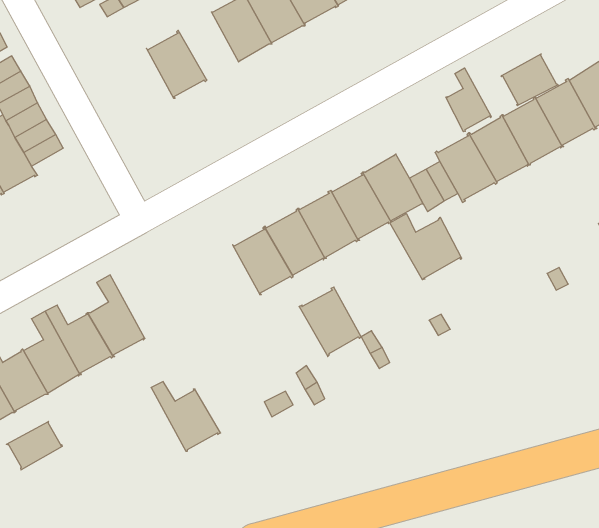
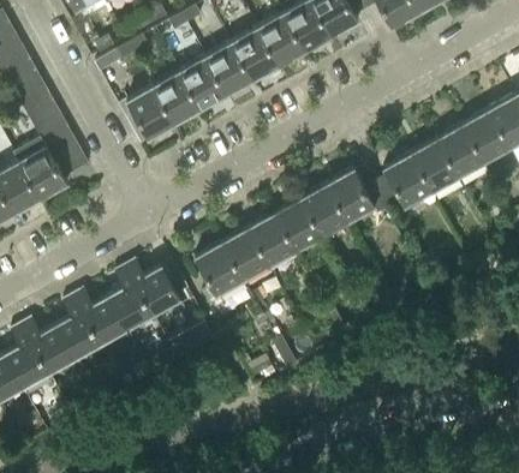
building: none -> [179,56,227,110]
building: none -> [126,85,175,140]
building: [501,54,558,106] -> none
building: [446,68,491,132] -> none
building: [390,214,462,280] -> none
building: [299,287,361,357] -> [195,241,244,297]
building: [151,382,221,451] -> [125,261,180,316]
building: [6,421,62,470] -> none

